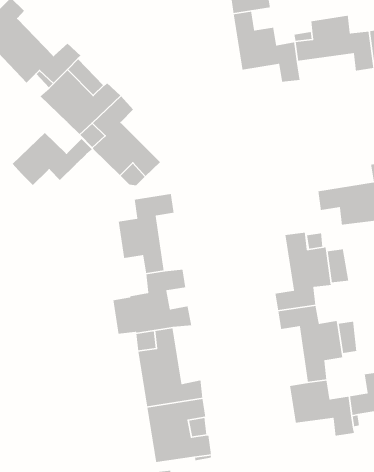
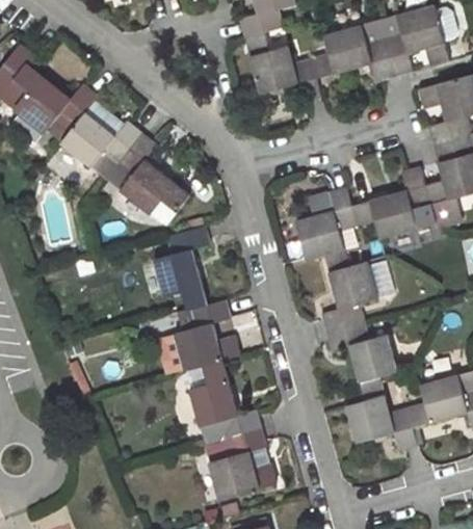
building: [12,132,93,186] -> none
building: none -> [295,187,357,259]

